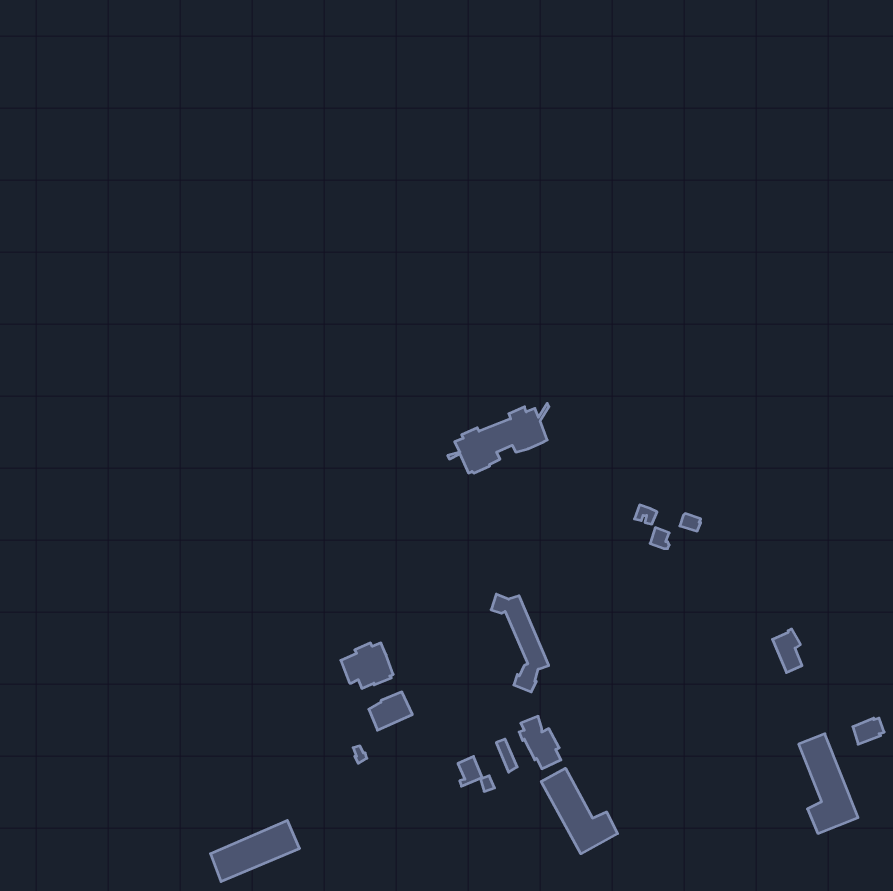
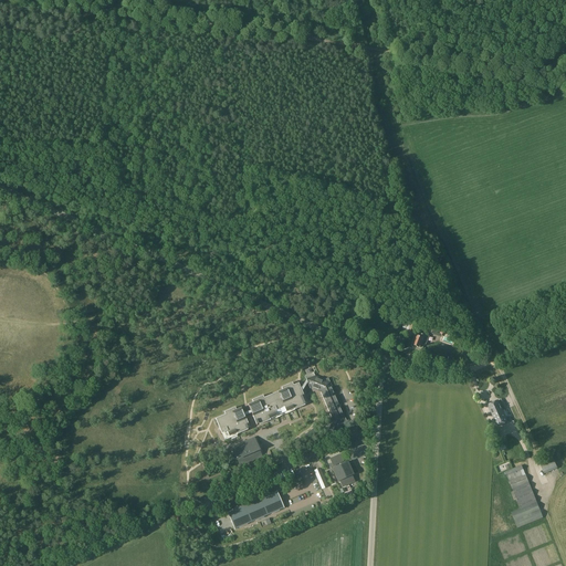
building: [448,403,549,473] -> [243,379,307,423]
building: [541,768,618,854] -> none
building: [210,820,300,882] -> [228,490,284,528]

